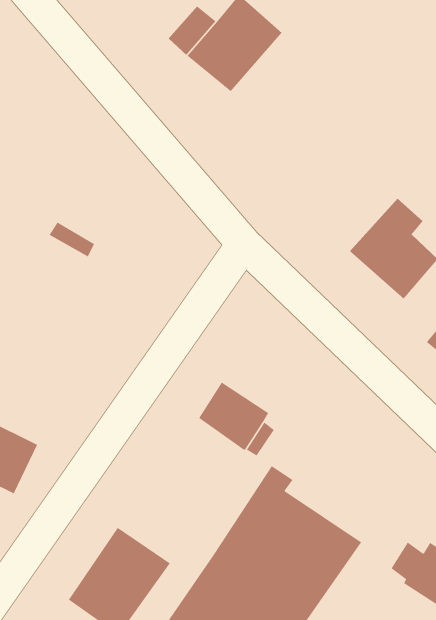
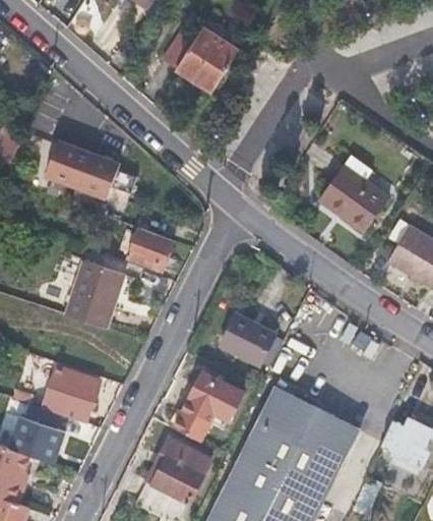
building: none -> [50,141,126,200]
building: none -> [129,228,174,271]
building: none -> [67,262,123,328]
building: none -> [174,373,242,445]

